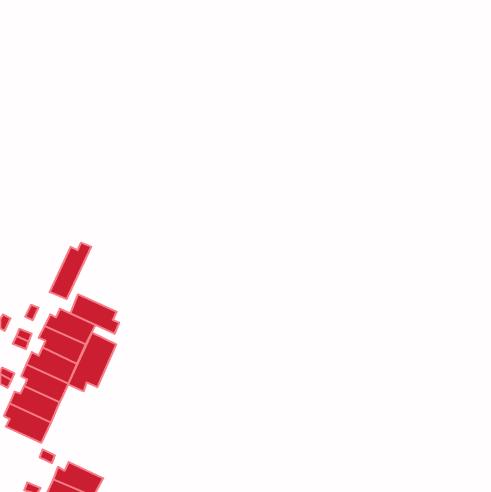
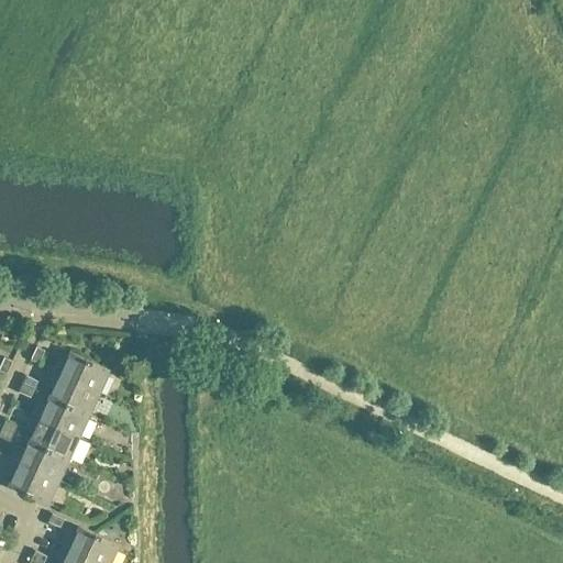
building: [50,243,91,299] -> none
building: [71,294,119,334] -> none
building: [68,333,116,391] -> none

